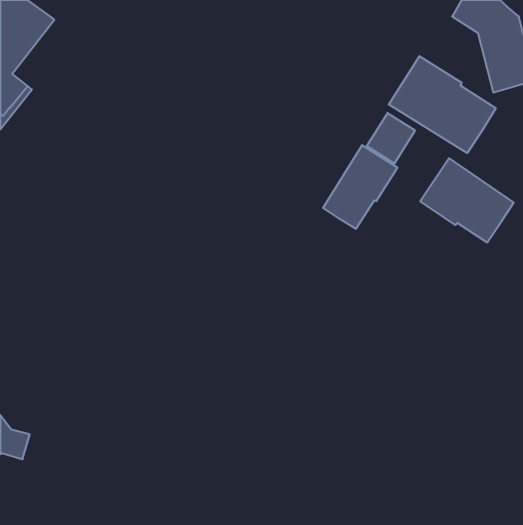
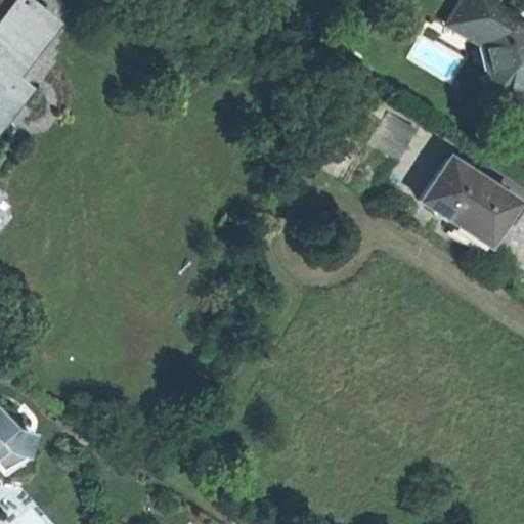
building: [389,56,496,153] -> none
building: [323,145,397,229] -> none

